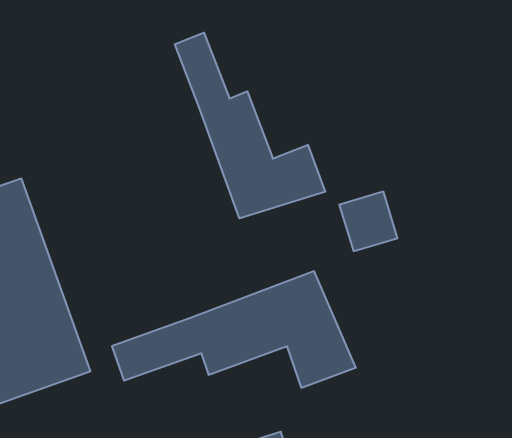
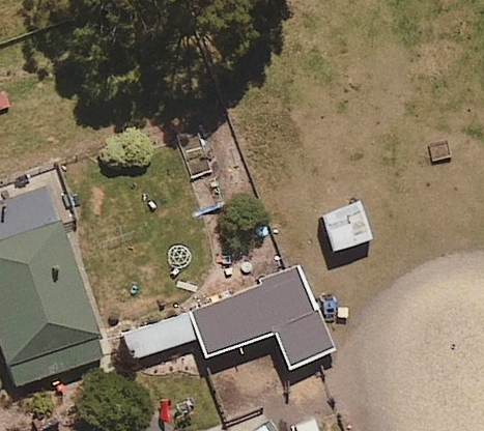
building: [175,33,325,218] -> none

